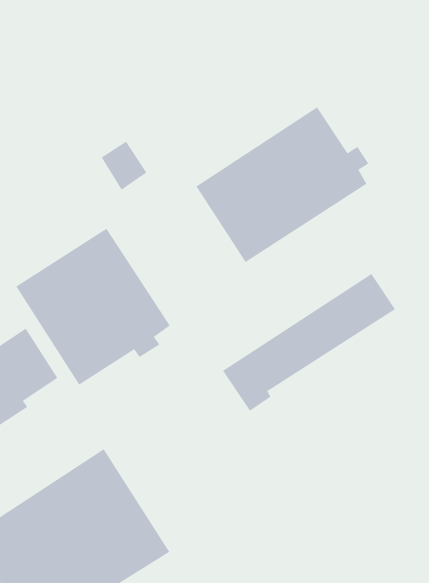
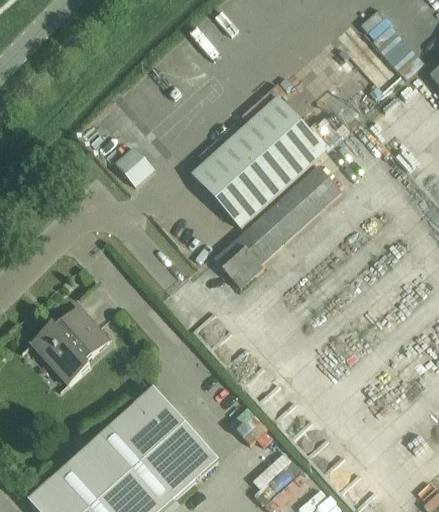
building: [16,228,171,385] -> none
building: [222,273,396,411] -> [215,164,342,286]

